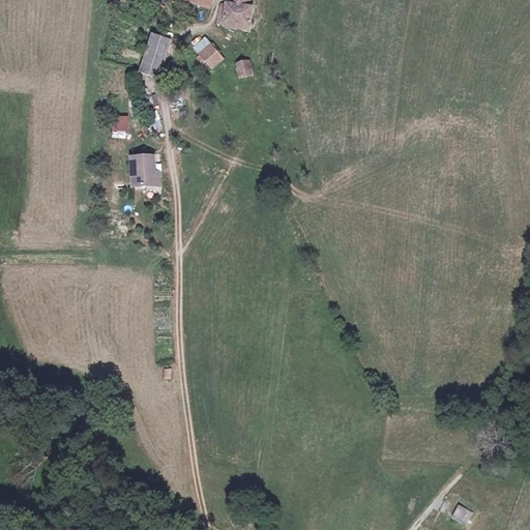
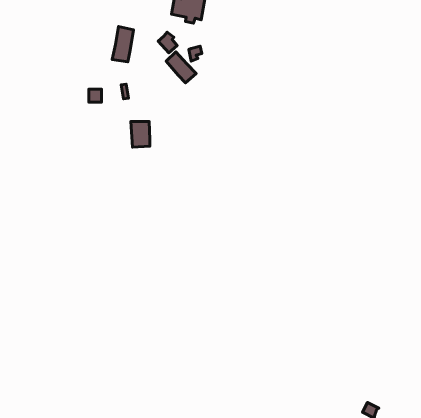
building: none -> [166,52,196,83]
building: [128,160,152,193] -> [131,121,150,147]

